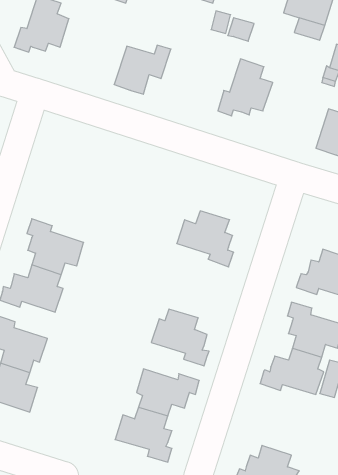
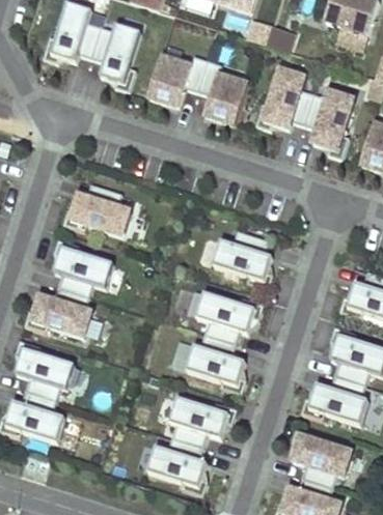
building: none -> [88,22,138,88]
building: none -> [195,57,246,121]
building: none -> [303,89,354,155]
building: none -> [62,182,130,234]
building: none -> [195,289,263,341]
building: none -> [291,425,352,486]

